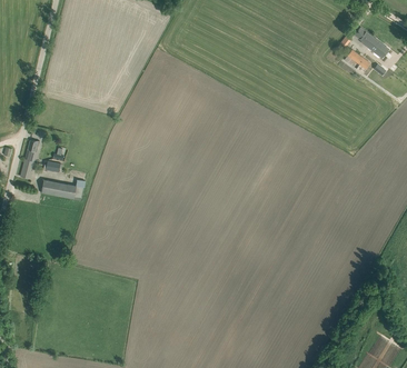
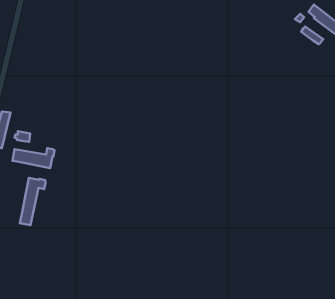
building: none -> [20,178,45,225]

